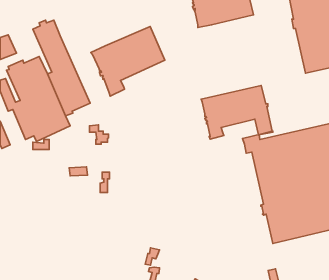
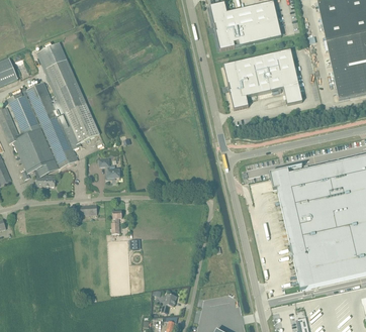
building: [91,27,165,96] -> none
building: [201,86,272,139] -> [223,48,302,108]

